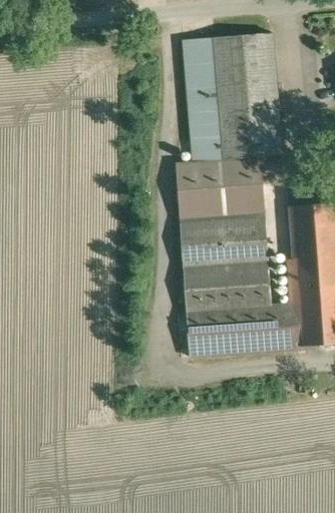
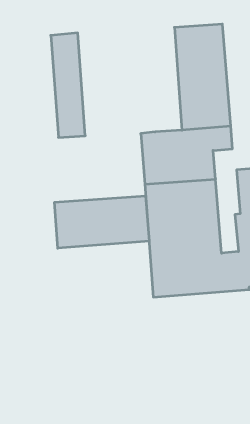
building: [183,36,224,160] -> [51,33,85,137]
building: none -> [55,196,149,248]

